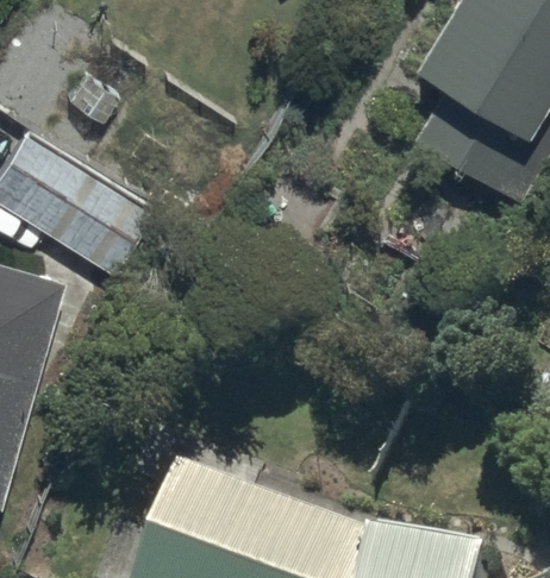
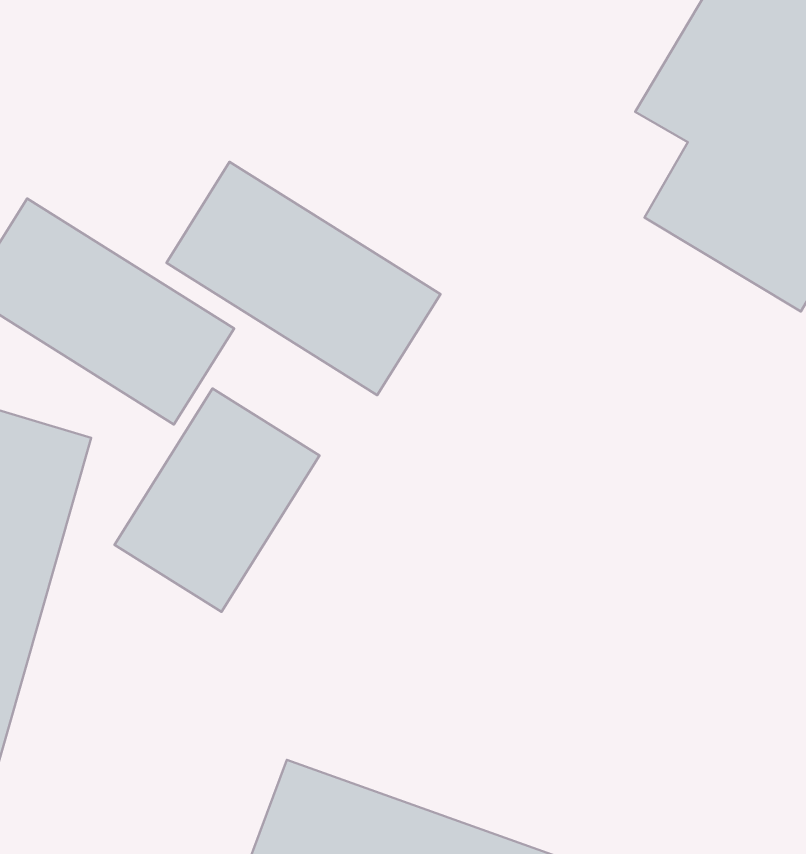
building: none -> [166,162,441,395]
building: none -> [114,388,320,612]

